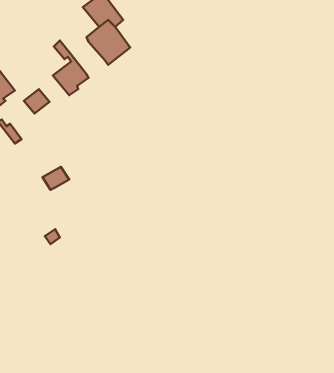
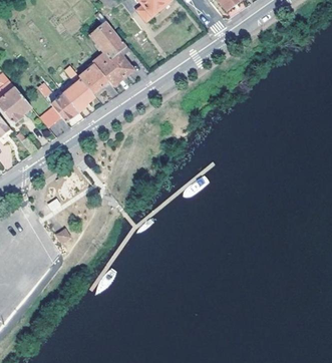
building: none -> [79,64,108,92]
building: none -> [35,82,77,121]

